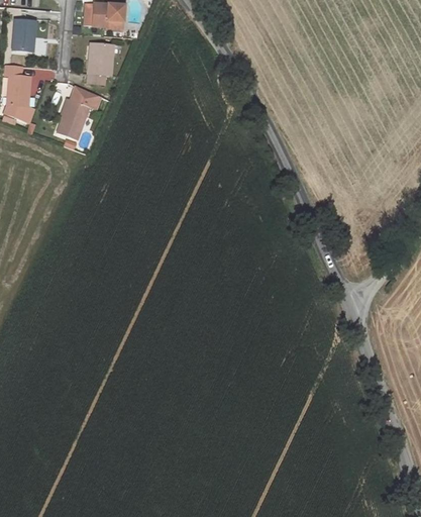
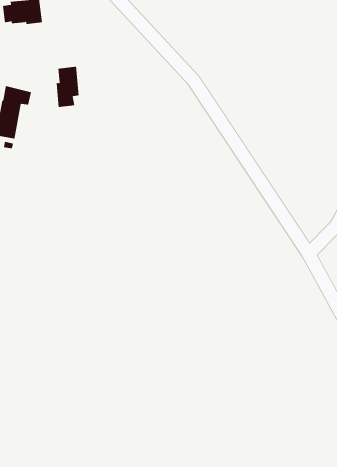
building: [88,43,113,83] -> [56,66,80,107]

